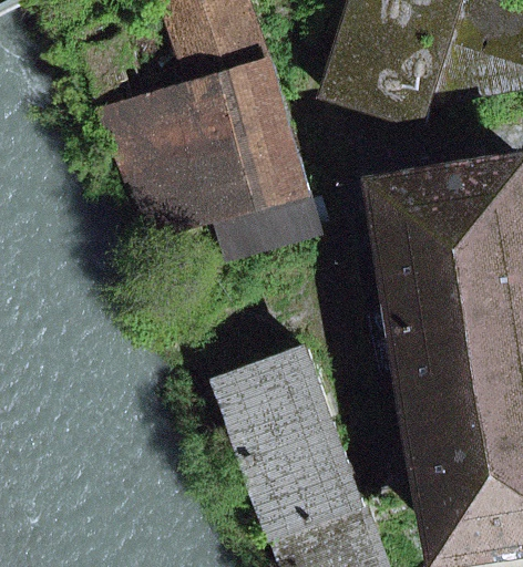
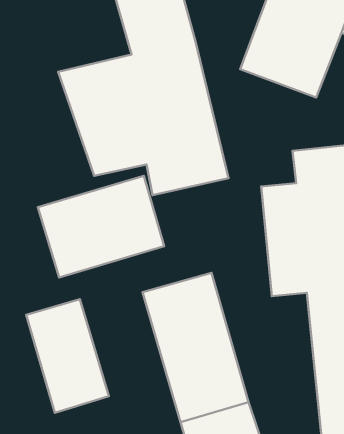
building: none -> [38,176,164,278]
building: none -> [26,299,109,413]

